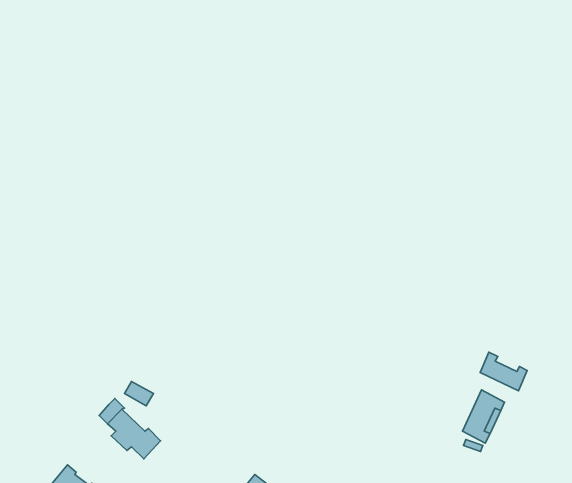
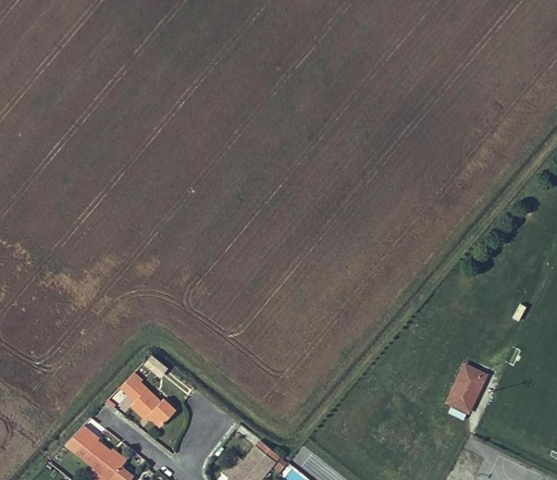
building: [480,352,527,391] -> none

